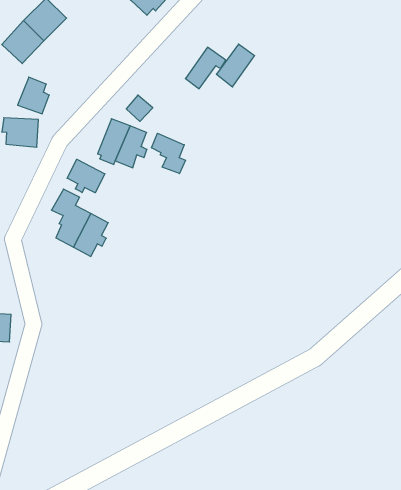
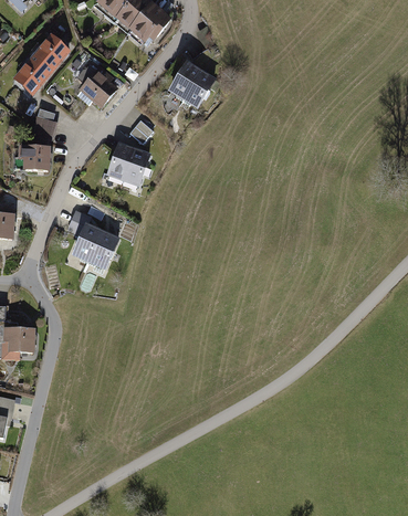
building: none -> [77,63,118,108]
building: [216,44,255,87] -> [168,61,202,101]
building: [152,133,185,174] -> none
building: [67,159,105,193] -> none

